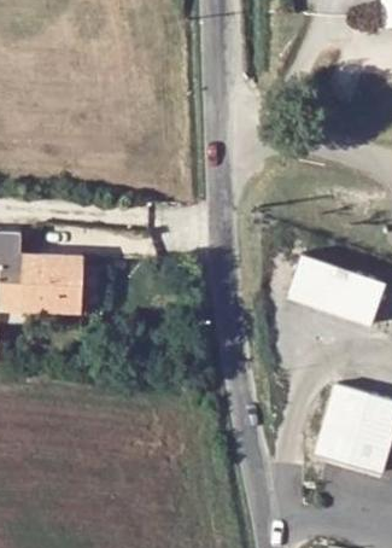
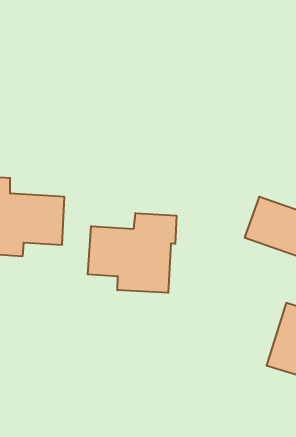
building: none -> [88,213,176,293]

